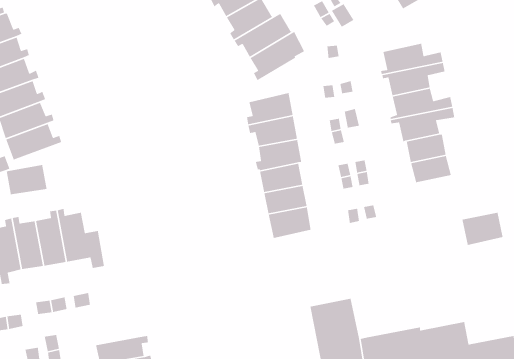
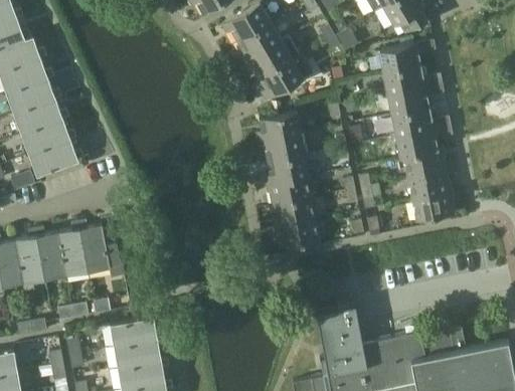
building: none -> [375,40,436,74]
building: [6,164,47,195] -> none
building: [462,212,503,246] -> [415,191,455,223]
building: none -> [111,317,161,350]

